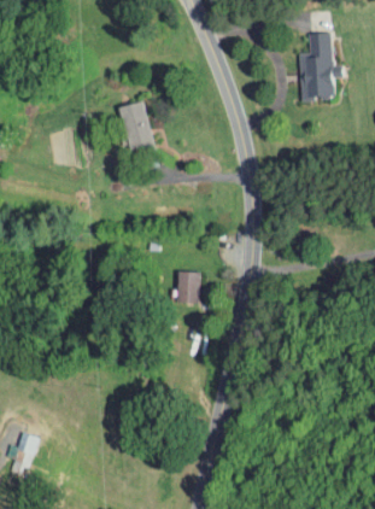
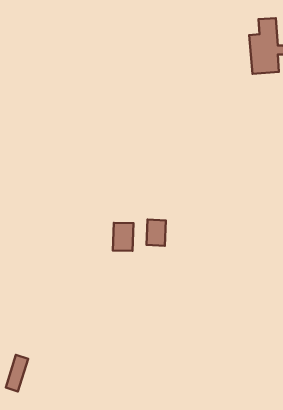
building: [119,101,153,153] -> none
building: none -> [113,223,133,251]

